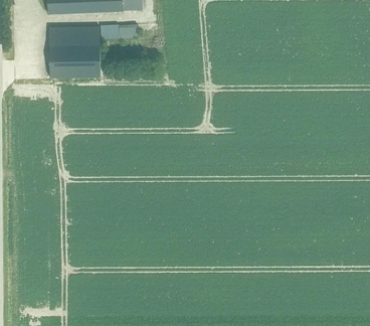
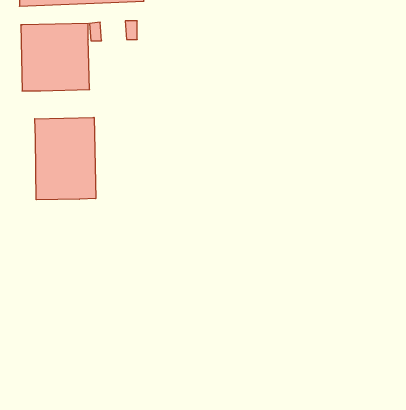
building: none -> [35,117,96,200]

